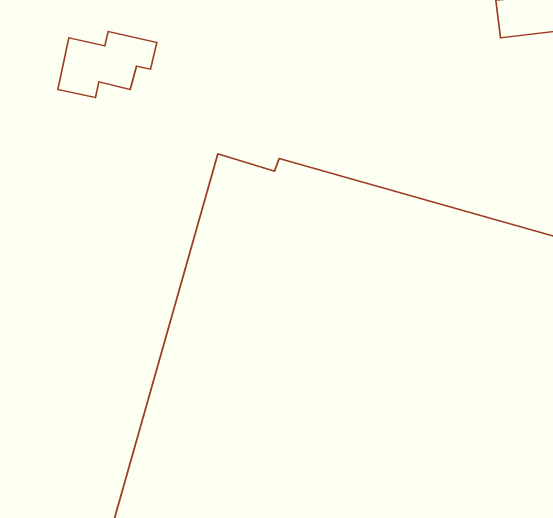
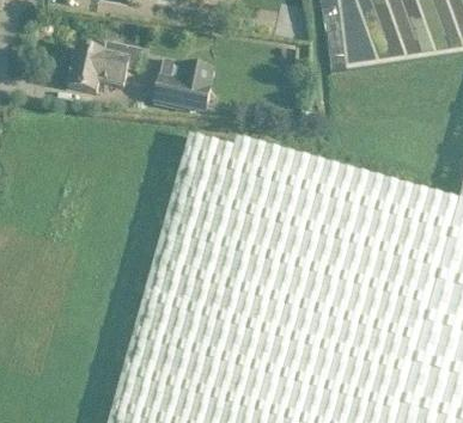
building: none -> [153,59,214,114]

